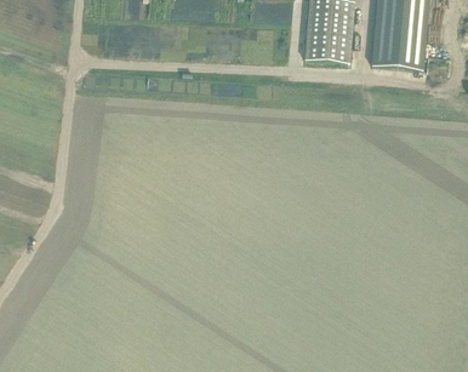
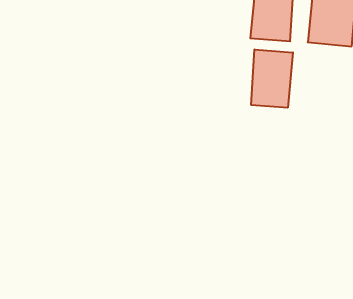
building: none -> [251,49,293,108]

